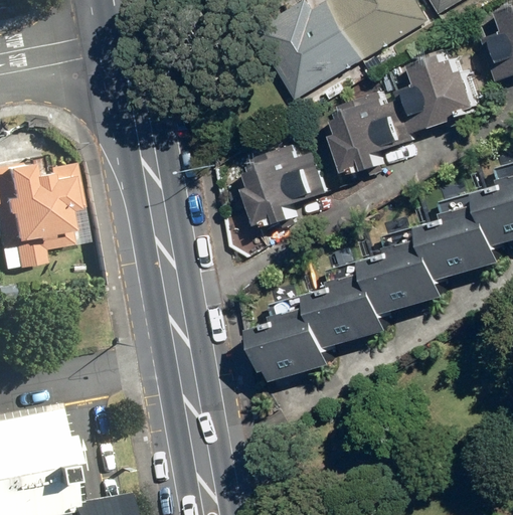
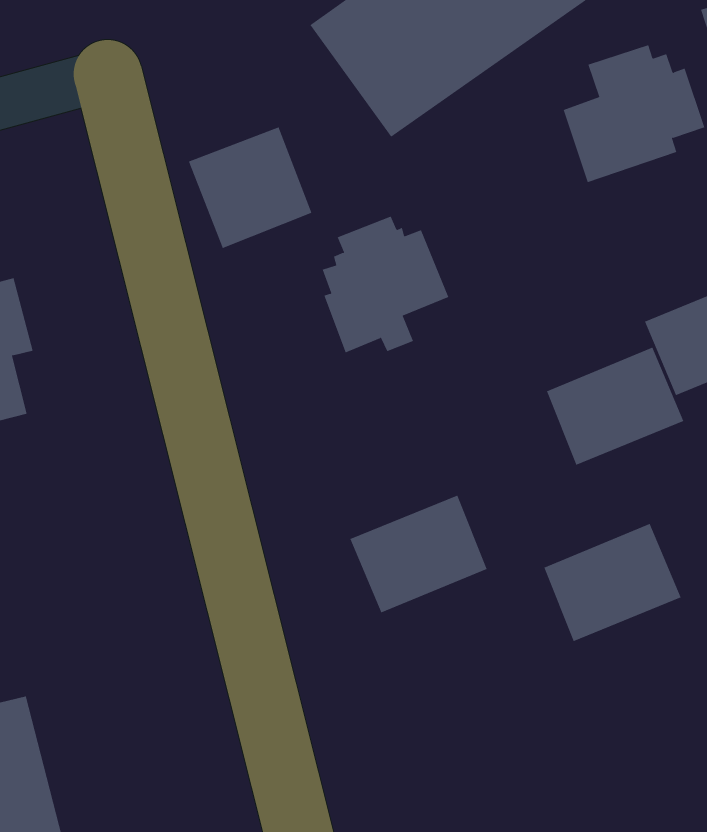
building: none -> [188,127,312,249]
building: [335,92,407,171] -> none
building: [314,272,392,337] -> [544,523,682,642]

